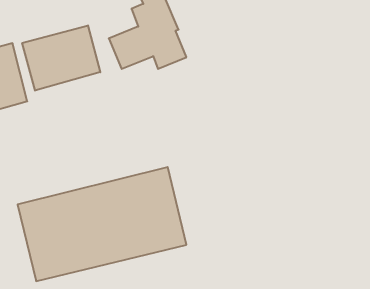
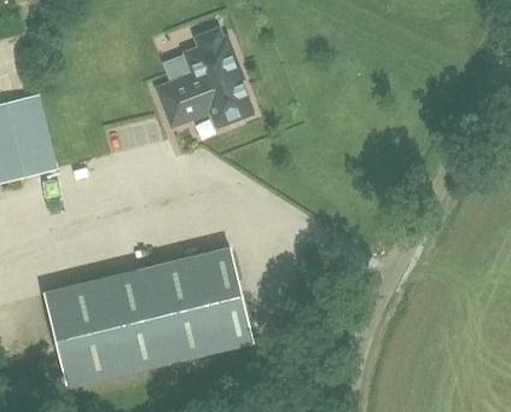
building: [22,25,100,91] -> none

